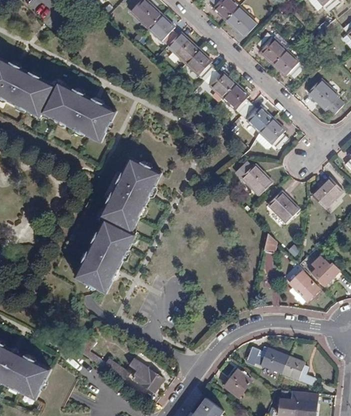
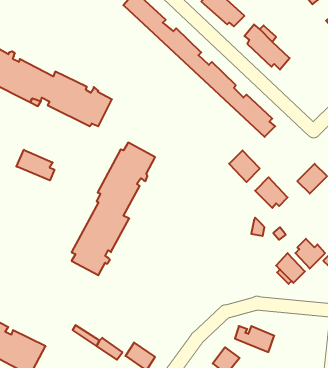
building: [306,78,339,110] -> none
building: none -> [16,150,54,180]
building: [281,356,314,385] -> none

